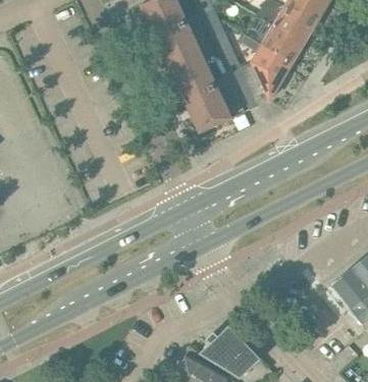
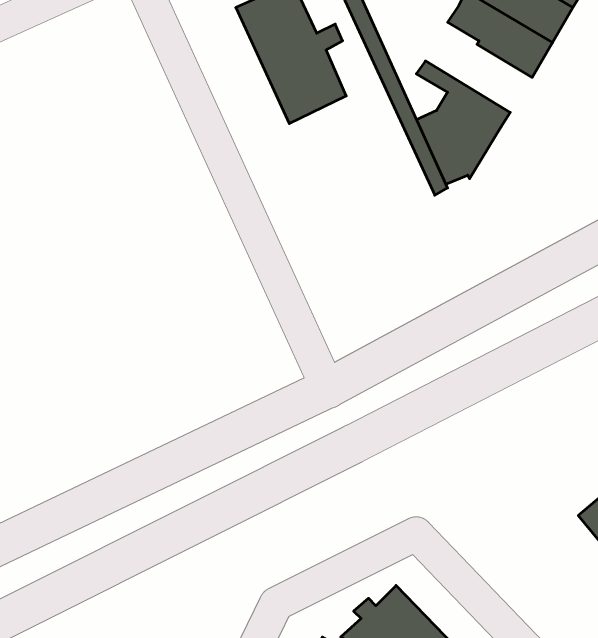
building: [245,25,304,63] -> none
building: [169,54,230,133] -> none

